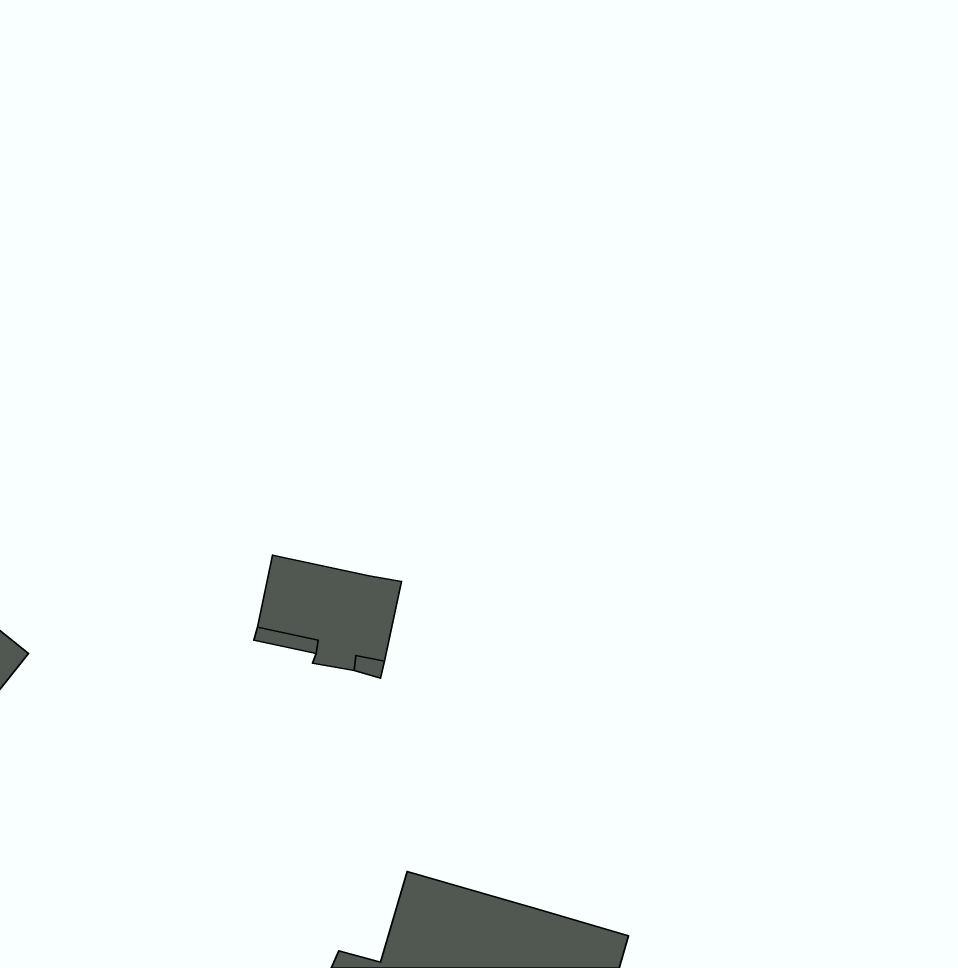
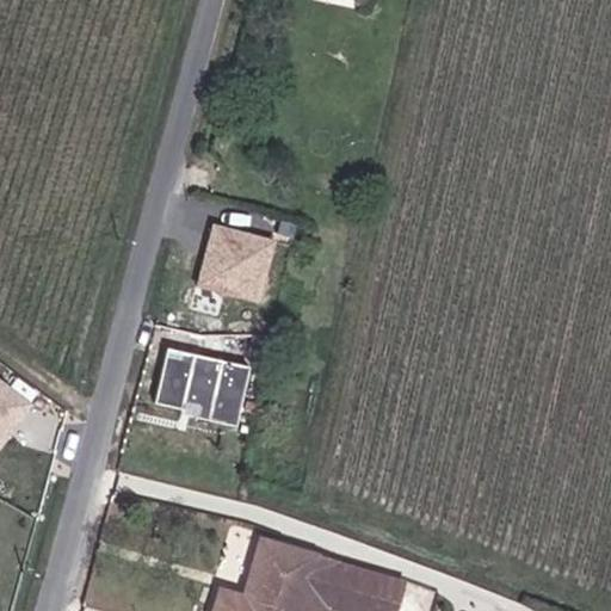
building: none -> [193,223,272,300]

